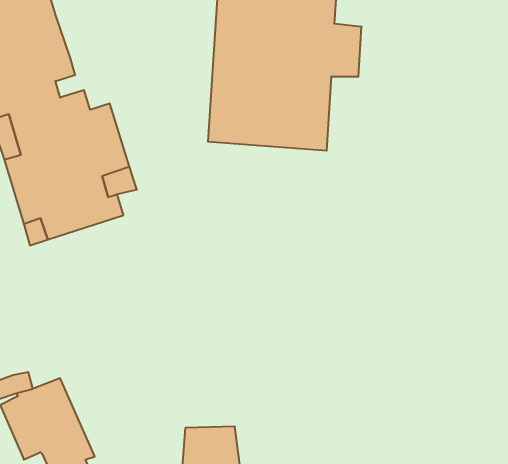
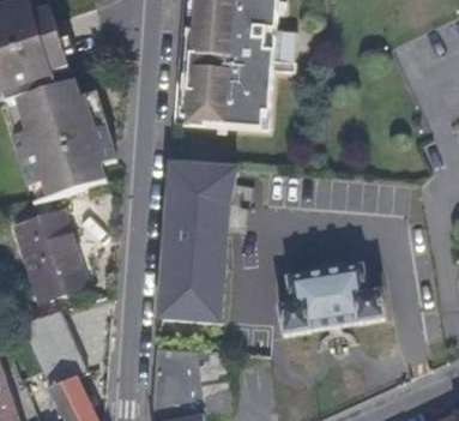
building: none -> [158,161,237,320]
building: none -> [14,210,87,301]
building: none -> [279,259,385,333]

